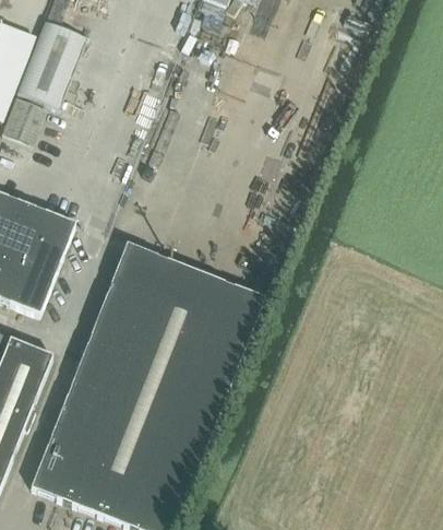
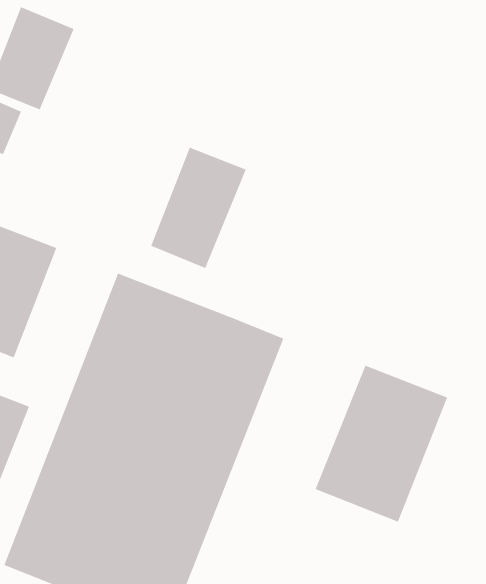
building: none -> [151,147,246,269]
building: none -> [315,365,448,523]

